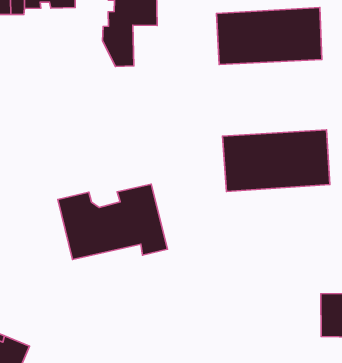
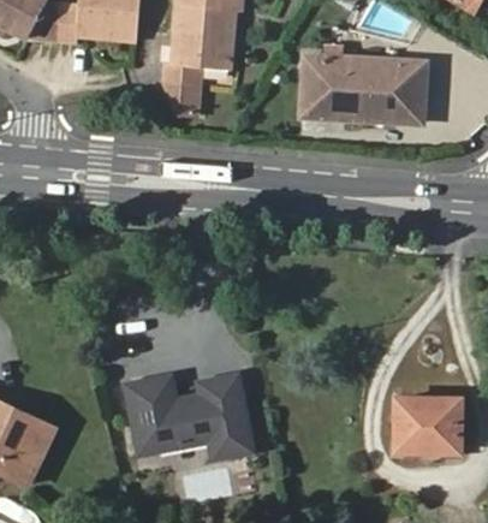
building: [222,130,330,191] -> none
building: [58,184,168,260] -> [115,370,240,453]

